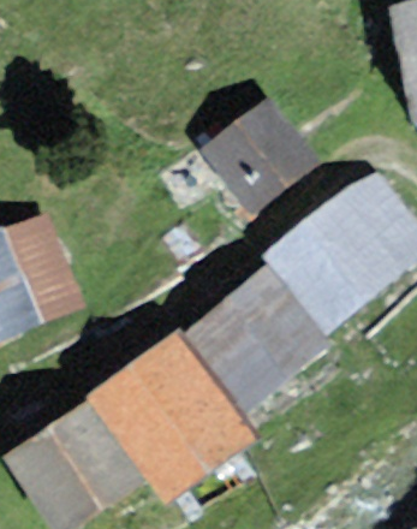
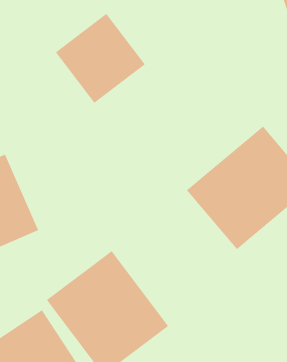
building: [197,88,314,204] -> [55,13,146,104]
building: [186,278,318,406] -> none

